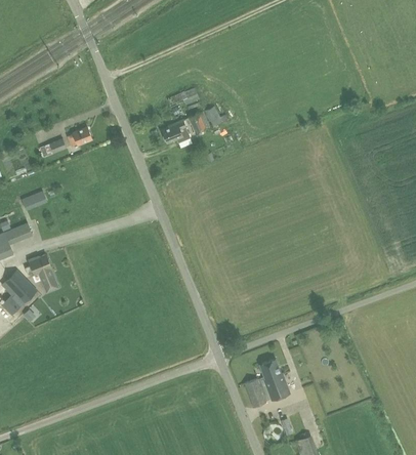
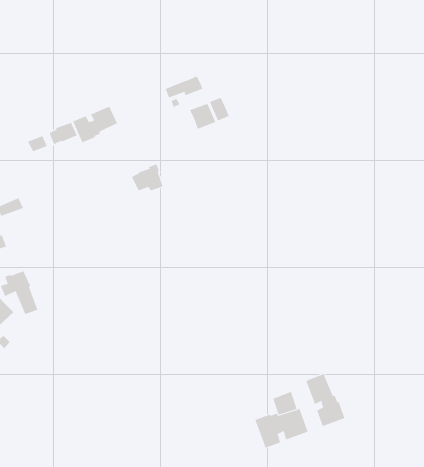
building: none -> [73,106,118,143]
building: [162,118,190,141] -> [131,164,163,191]
building: none -> [306,373,345,427]

